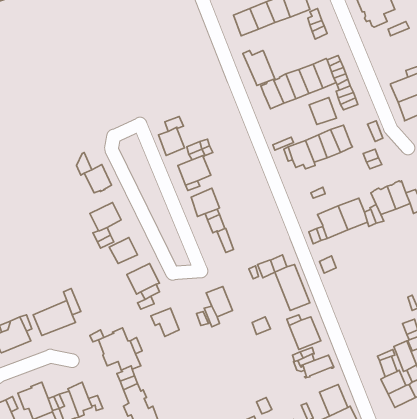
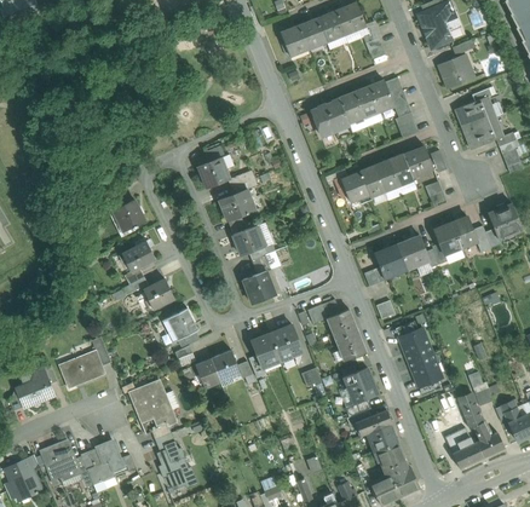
building: none -> [438,53,474,87]
building: [243,50,275,85] -> none
building: [309,97,336,125] -> [403,145,433,175]
building: none -> [243,271,272,303]
building: none -> [269,324,303,359]
building: none -> [399,327,442,386]
building: none -> [211,350,241,381]
building: none -> [365,422,397,451]

